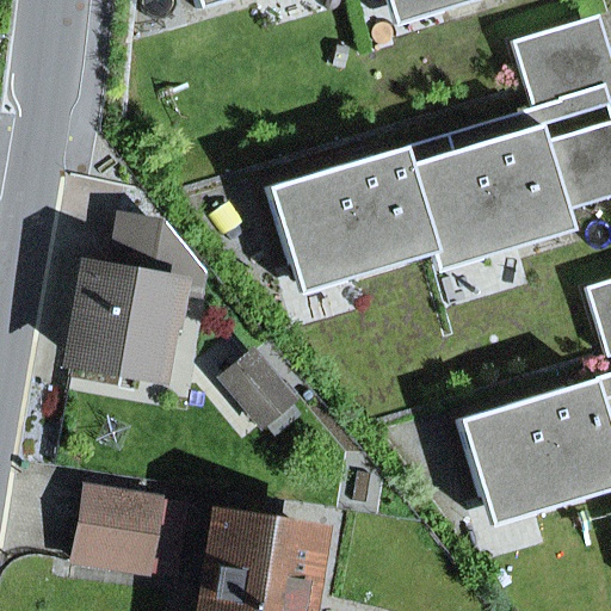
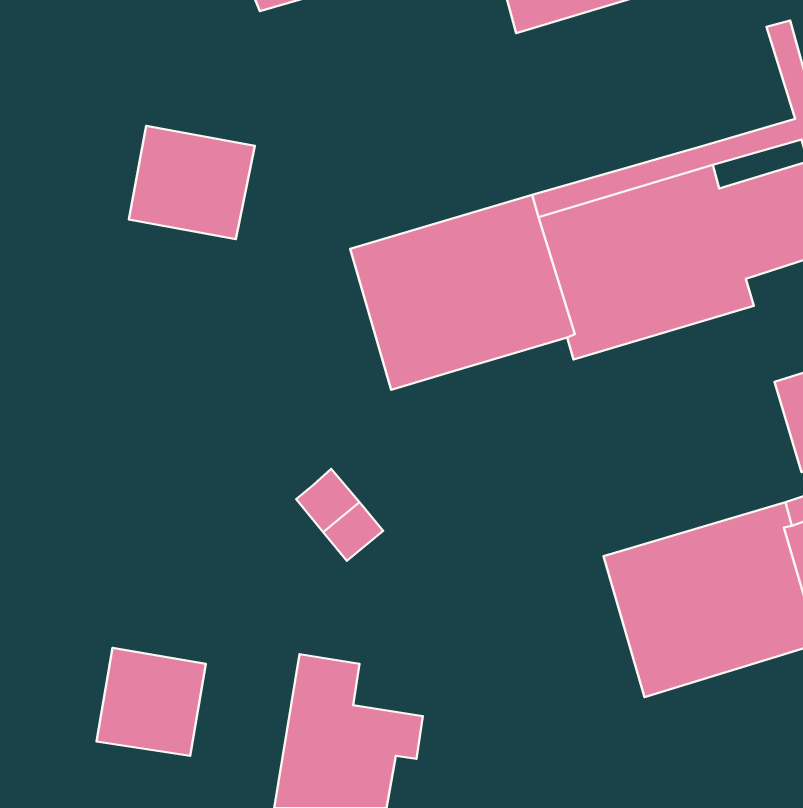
building: [514,20,604,110] -> none
building: none -> [129,126,255,239]
building: [78,220,202,369] -> none

